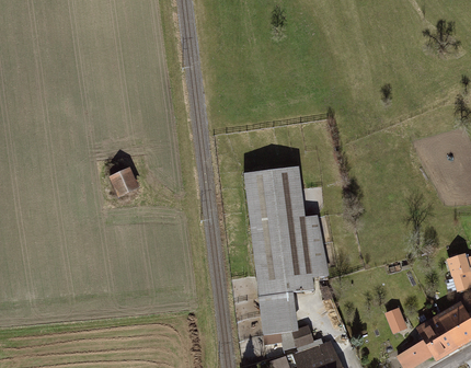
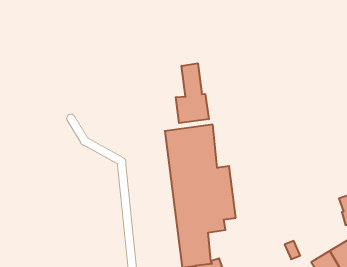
building: none -> [176,63,209,123]
building: [106,158,138,195] -> none

